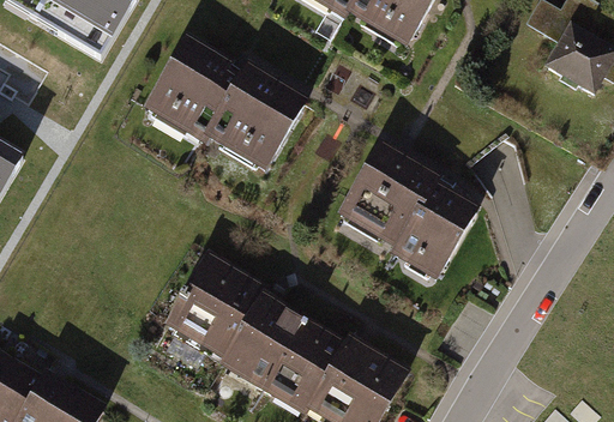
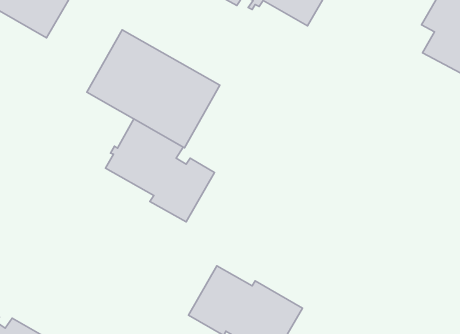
building: [345,144,475,267] -> none
building: [173,255,302,378] -> [106,119,214,222]

